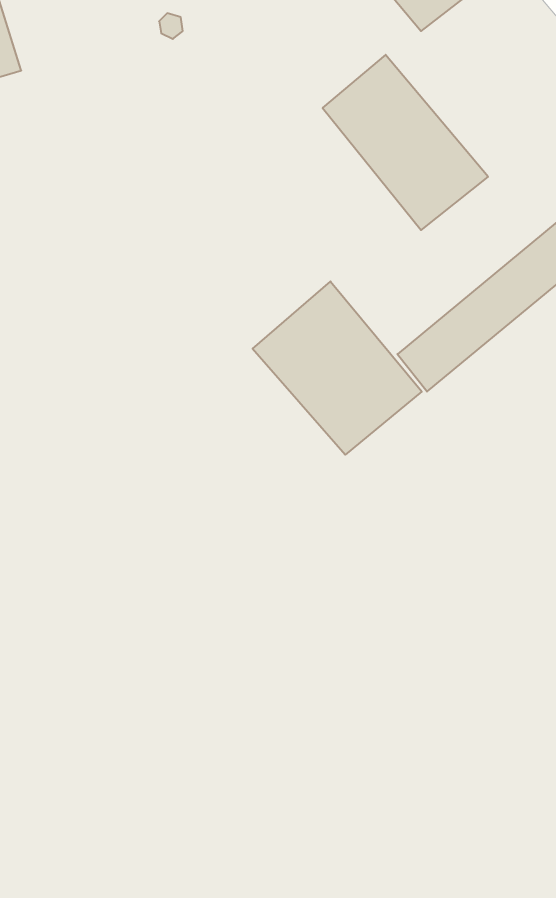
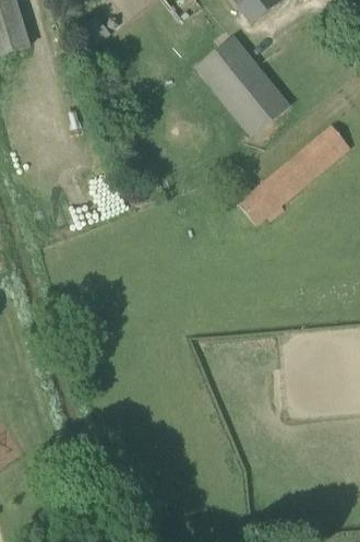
building: [253,281,422,455] -> none

